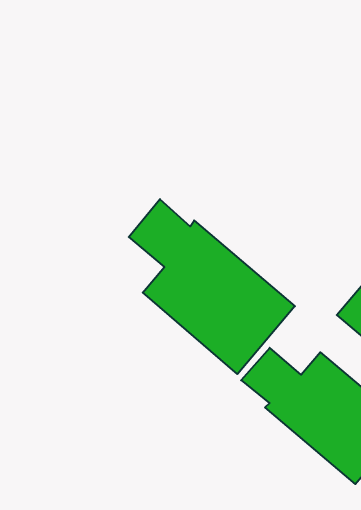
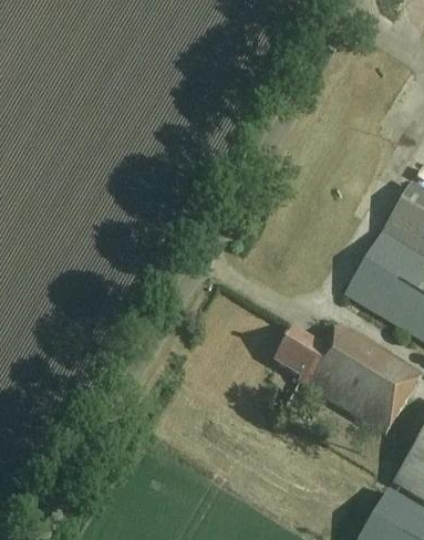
building: [129,199,295,374] -> none

